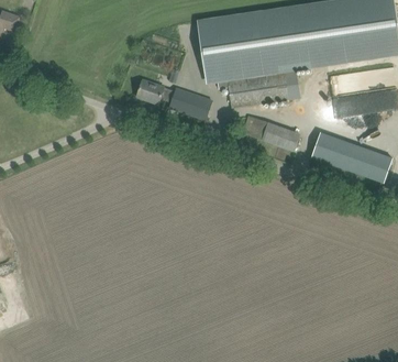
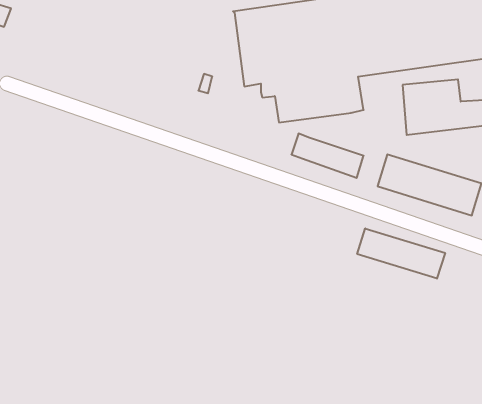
building: [136,80,212,121] -> none
building: none -> [357,228,445,279]

